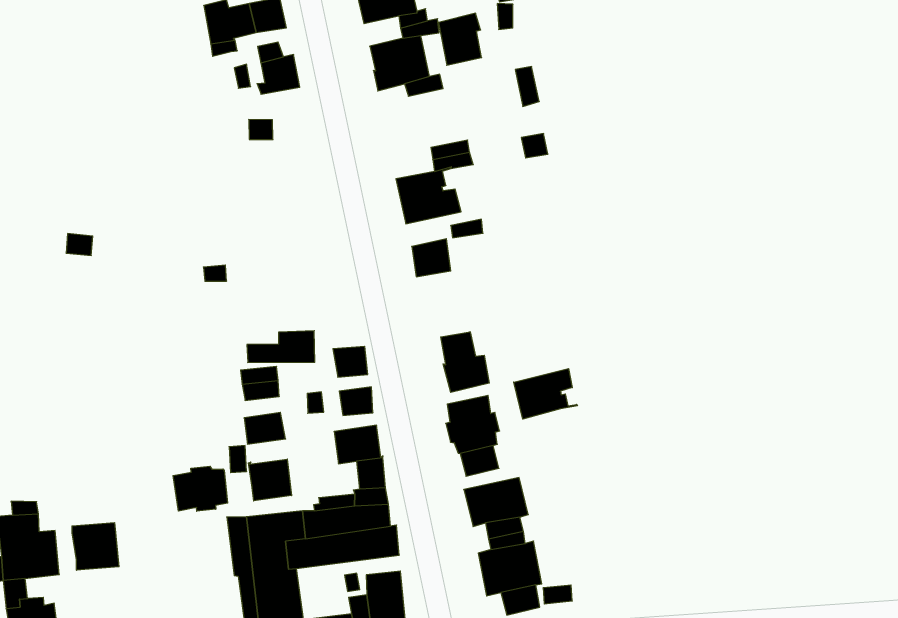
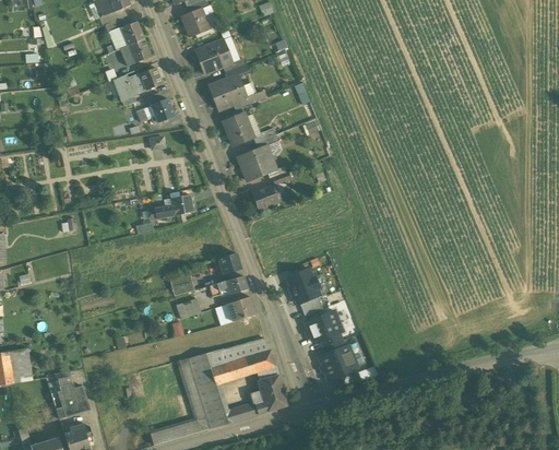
building: [439,13,482,65] -> [224,114,251,145]
building: [247,331,315,362] -> [154,194,193,218]
building: [441,332,489,392] -> none
building: [514,369,577,419] -> none
building: [249,459,292,501] -> none
building: [173,466,228,511] -> none
building: [72,523,119,570] -> none

